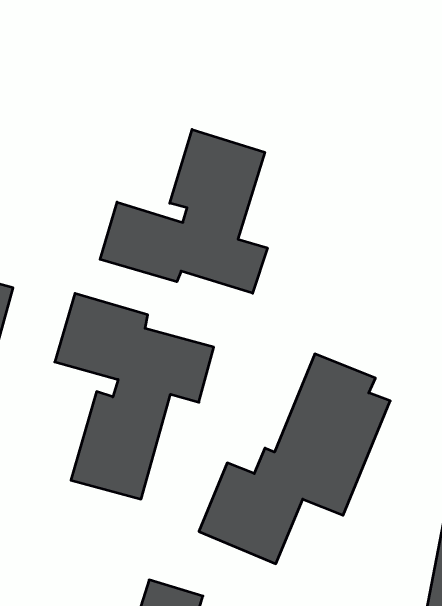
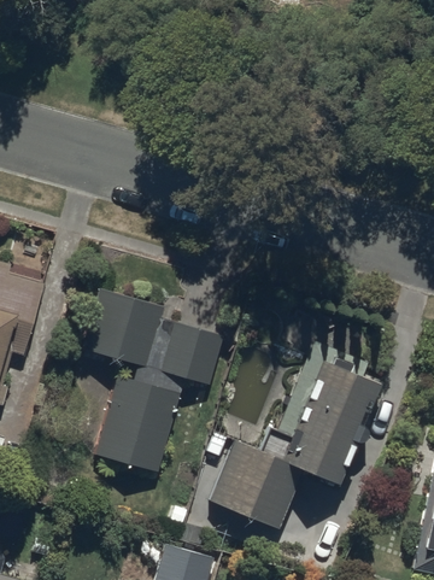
building: [100,129,267,293] -> none

